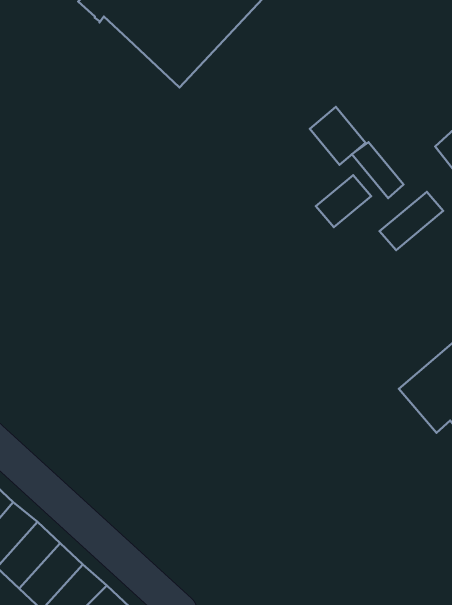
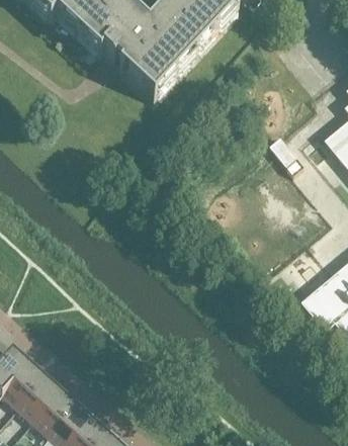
building: [310,107,366,165] -> none
building: [316,175,371,227] -> none
building: [380,192,443,250] -> none

